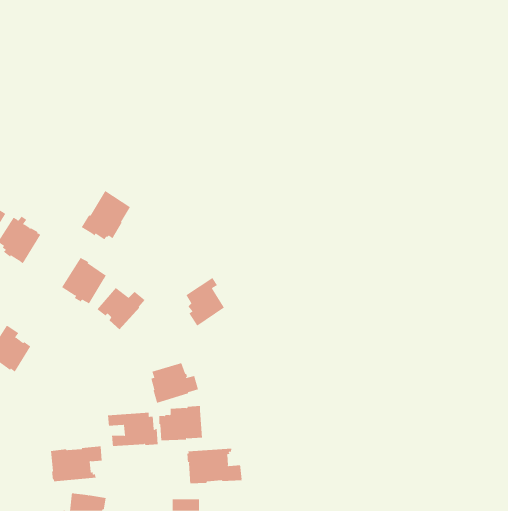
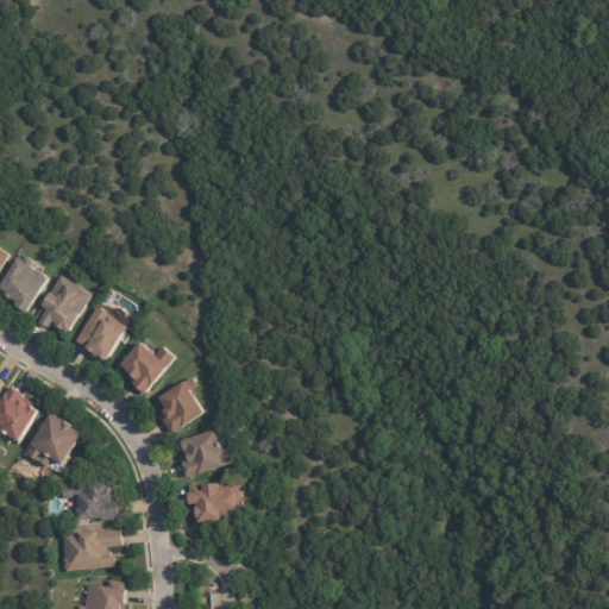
building: [81,190,131,240] -> [31,274,90,333]
building: [186,277,225,326] -> [157,376,203,434]
building: none -> [23,414,81,465]
building: [107,412,158,446] -> [58,481,119,521]
building: [187,448,242,484] -> none

